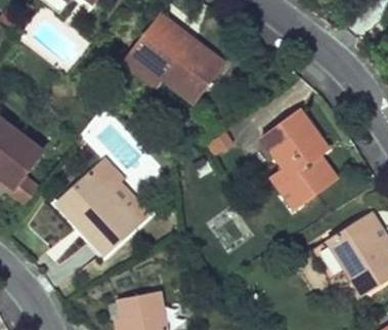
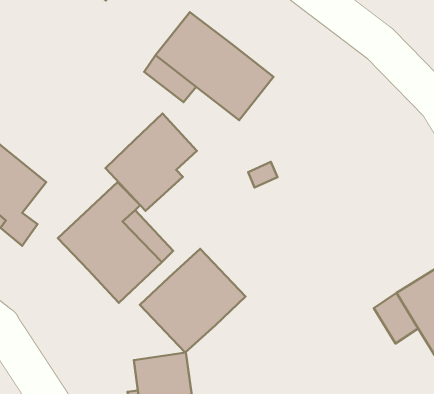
building: none -> [105,113,197,211]
building: [259,108,336,208] -> none
building: none -> [140,249,245,353]

